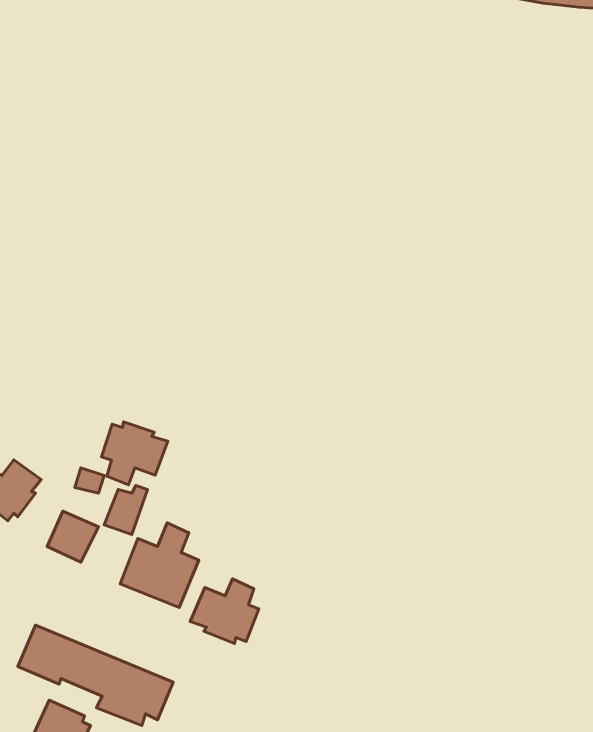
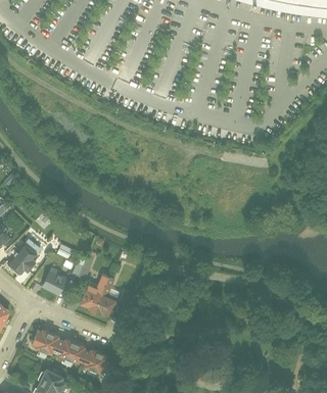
building: [101,422,168,485] -> none
building: [190,579,259,643] -> none

